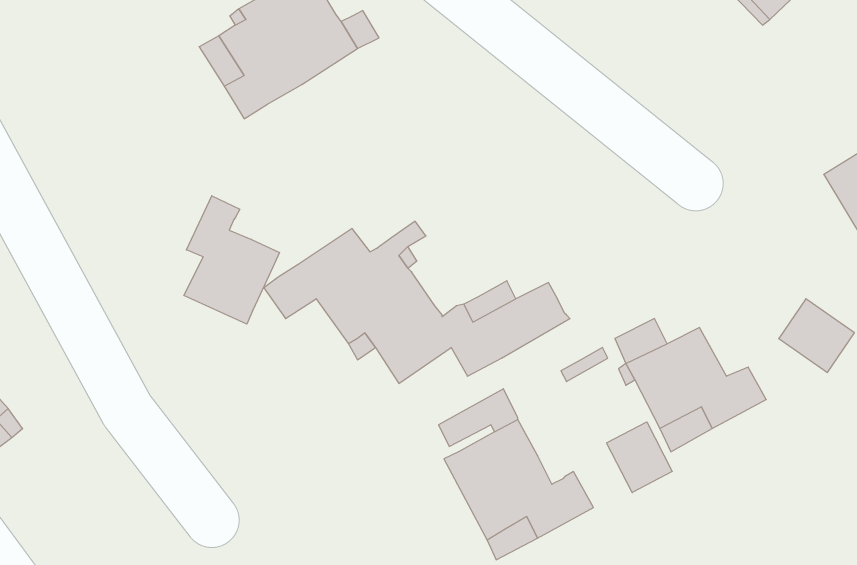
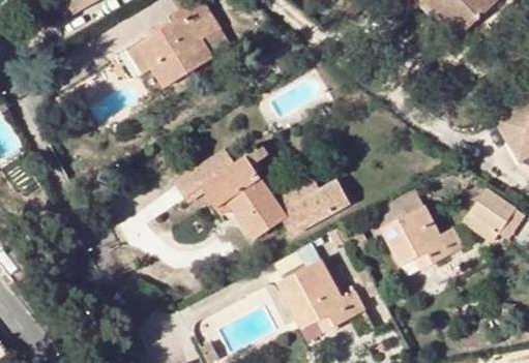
building: [184,196,280,324] -> none
building: [607,422,672,493] -> none

